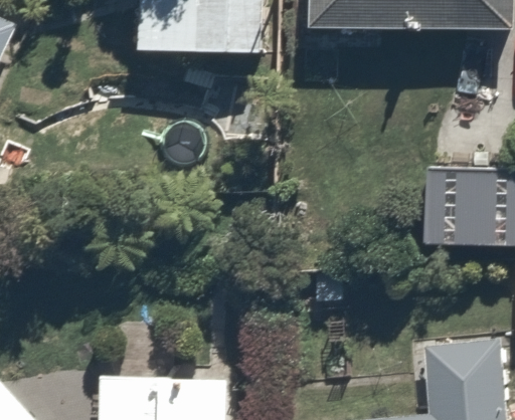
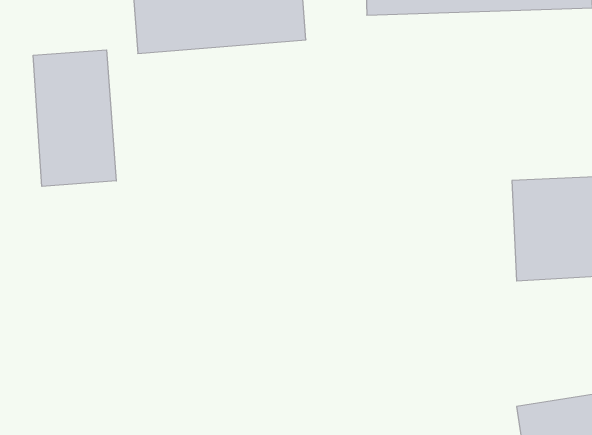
building: none -> [33,50,116,186]

